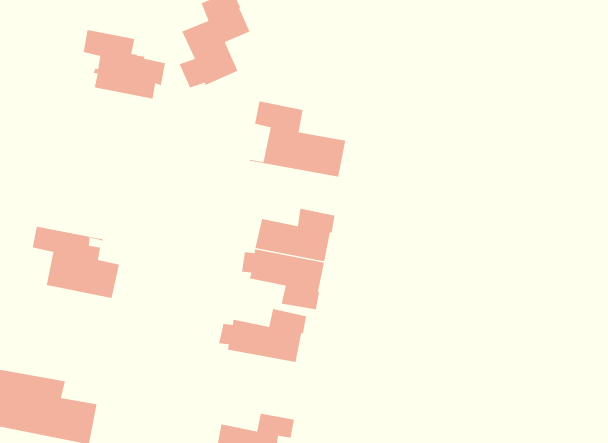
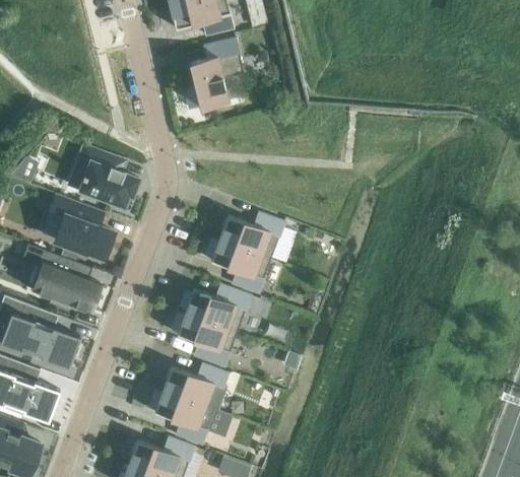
building: [83,29,166,99] -> [76,145,138,207]
building: [249,101,346,177] -> none
building: none -> [22,246,100,312]
building: none -> [171,314,236,368]

